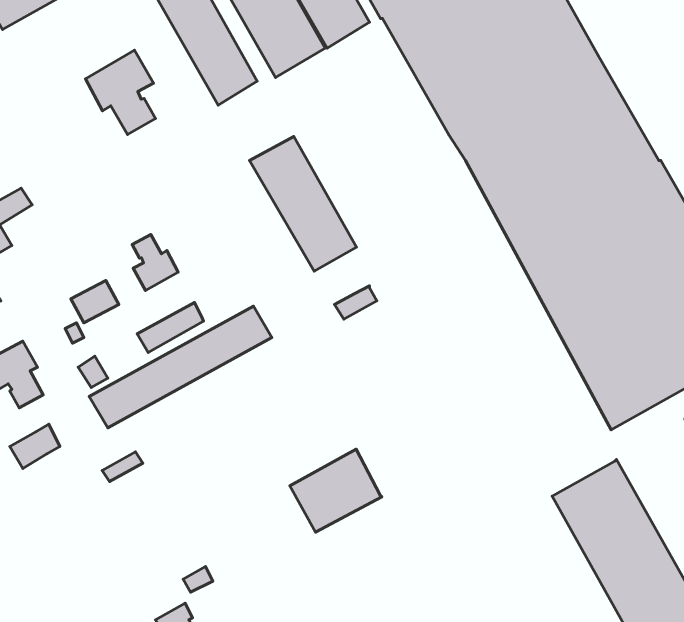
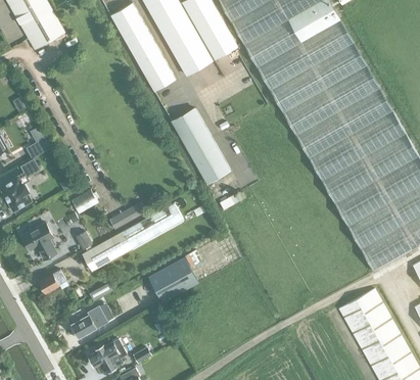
building: [85,50,156,135] -> none
building: [132,234,178,290] -> none
building: [290,449,382,532] -> [148,256,199,302]
building: none -> [71,307,99,339]
building: none -> [89,338,127,372]

